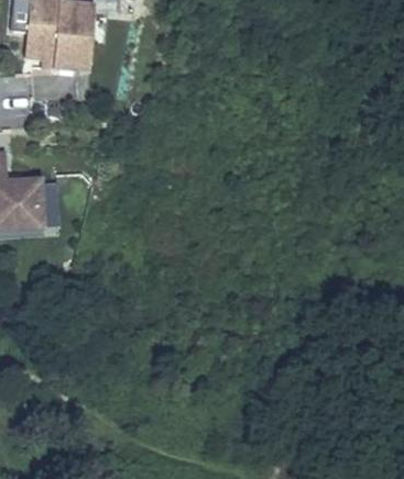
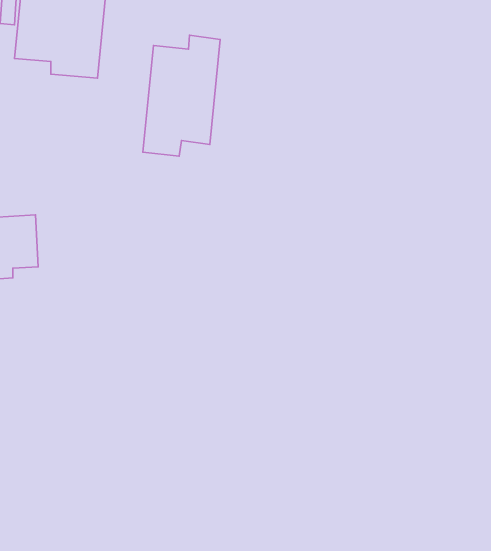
building: none -> [143,35,220,156]

